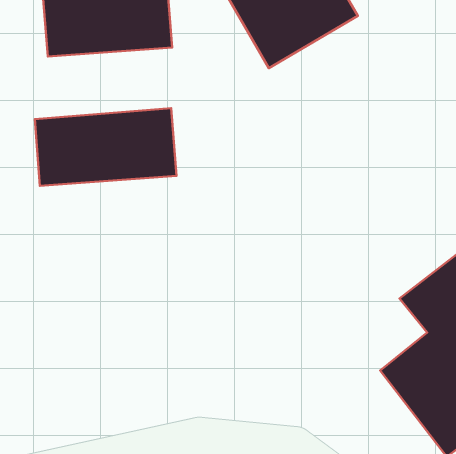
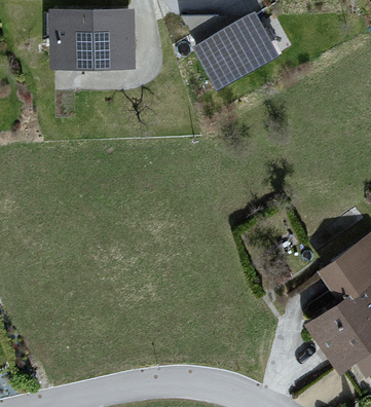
building: [35,108,176,186] -> none

